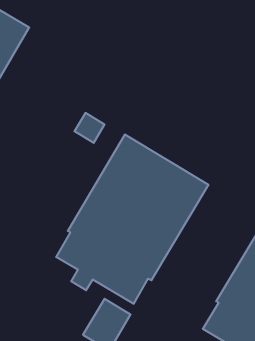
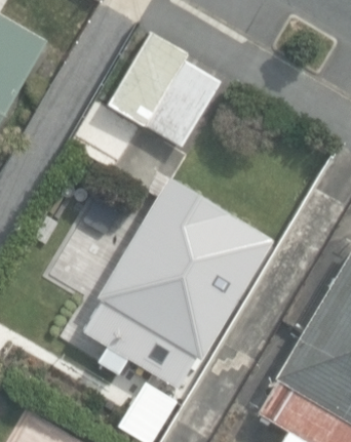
building: none -> [96,33,219,148]

